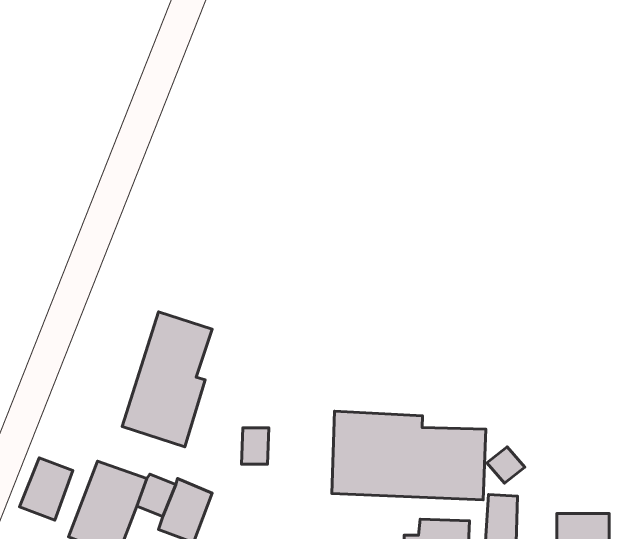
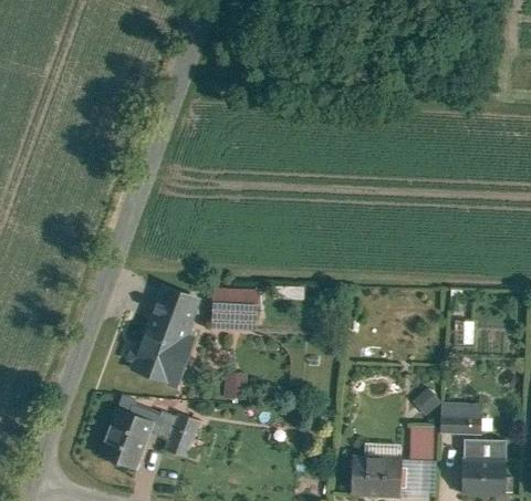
building: none -> [214,289,260,331]
building: [332,411,486,500] -> none
building: [19,458,73,520] -> none
building: none -> [444,404,482,435]

